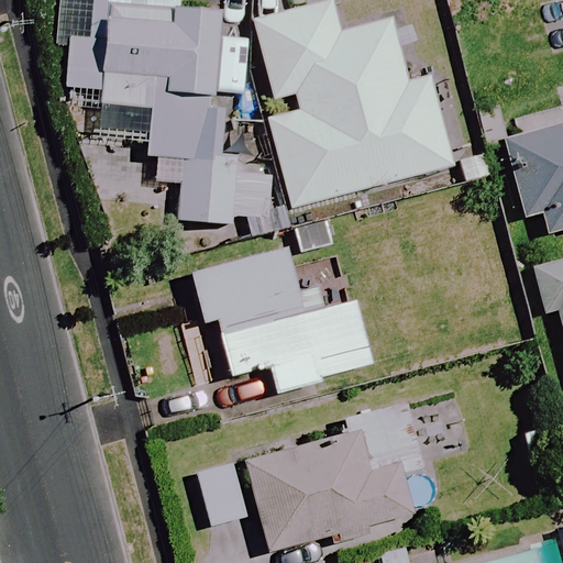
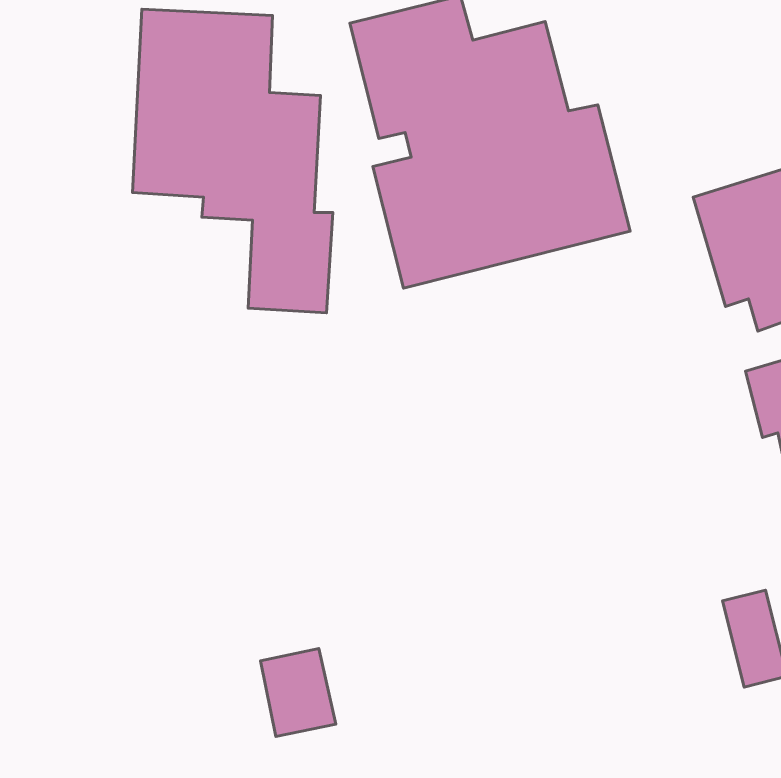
building: [192,245,375,377] -> none
building: [249,396,429,549] -> none

